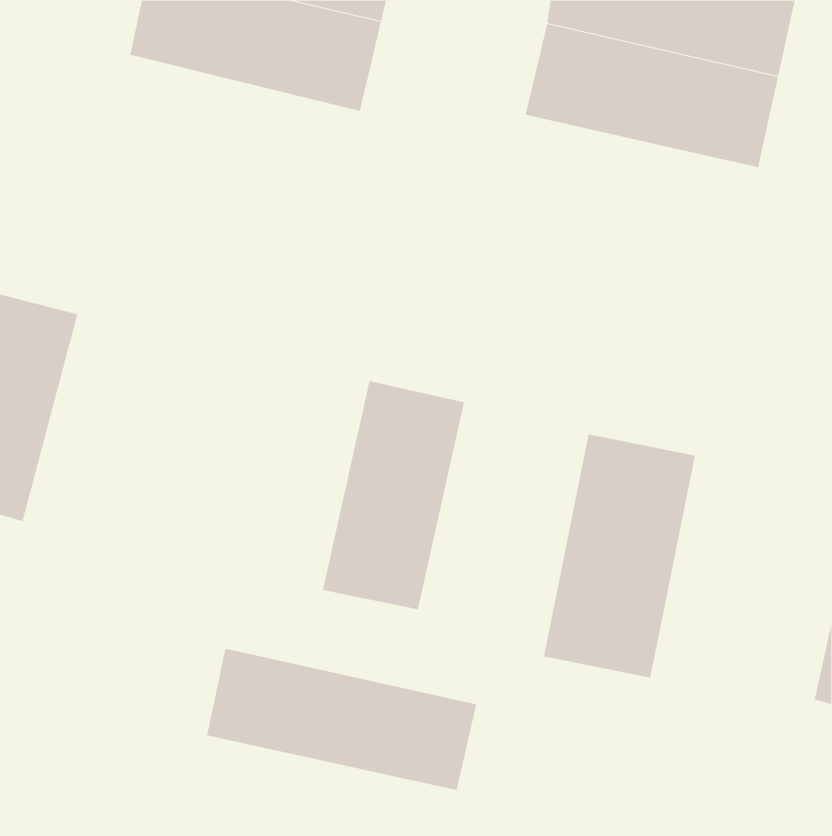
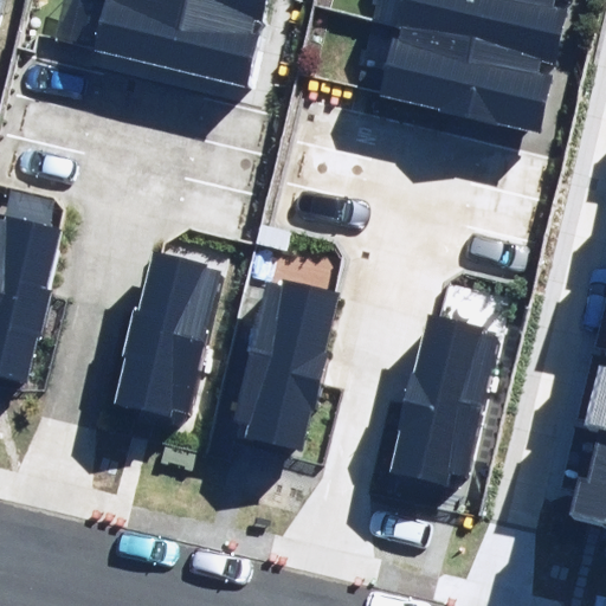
building: none -> [112,253,214,428]
building: [207,648,477,791] -> none

